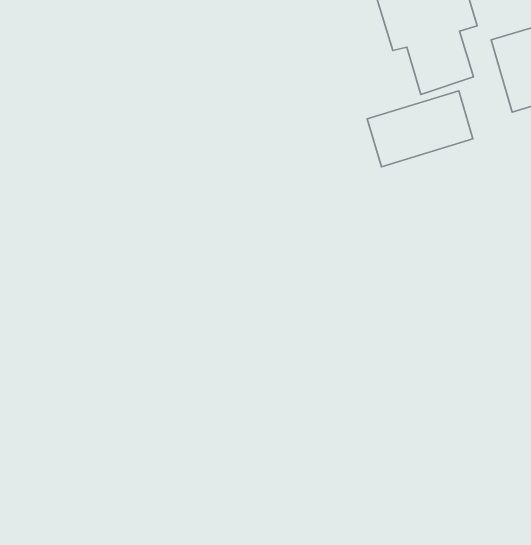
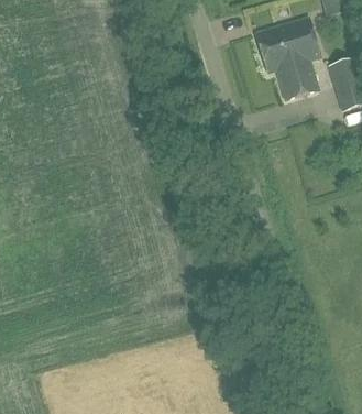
building: [367,91,473,167] -> none

